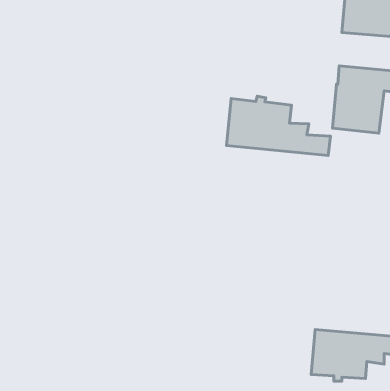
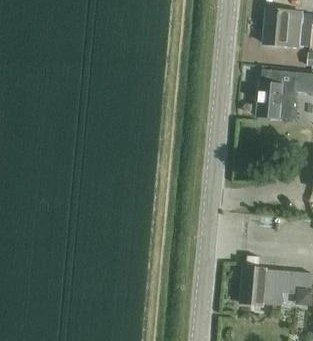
building: [227,96,330,155] -> none

